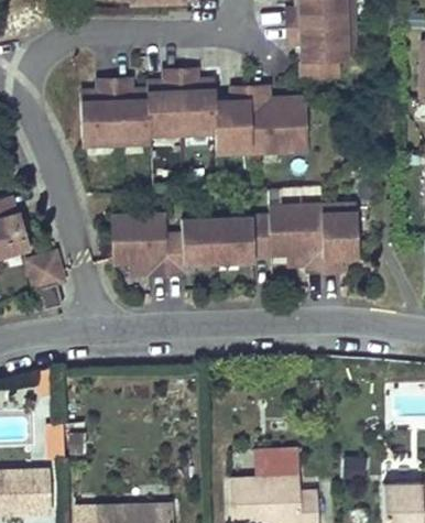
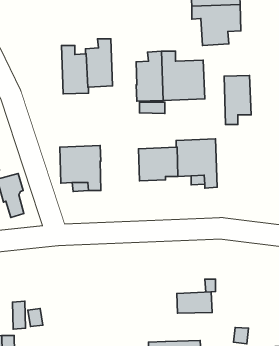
building: [179,68,215,132] -> none
building: [79,78,116,144] -> none
building: [320,203,357,269] -> [224,75,251,125]
building: [165,217,218,273] -> none
building: [252,447,299,476] -> [177,292,212,313]

